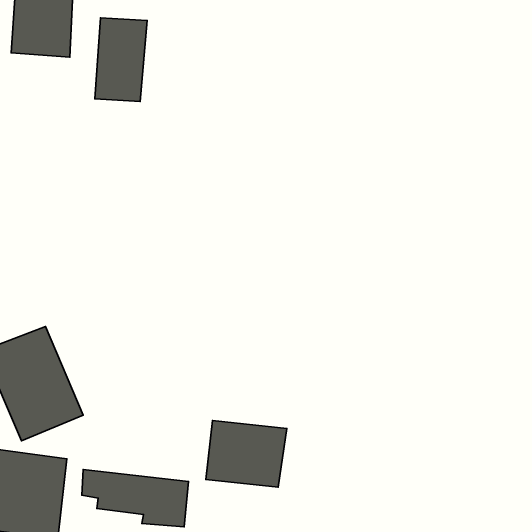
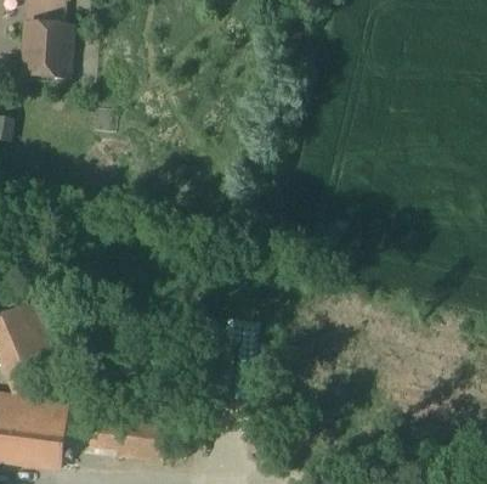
building: [95,18,147,101] -> none
building: [206,420,287,487] -> none

